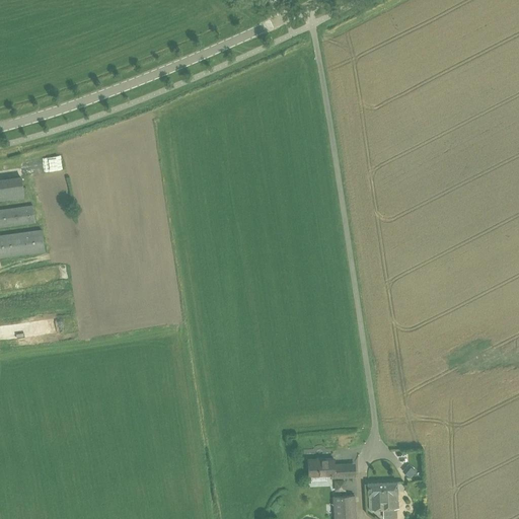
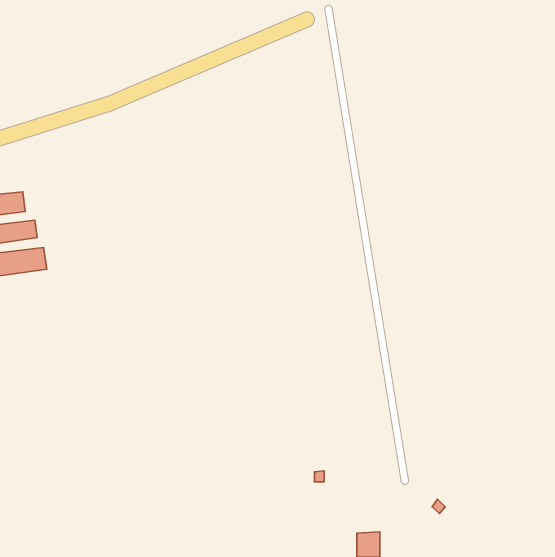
building: [307,458,356,477] -> none
building: [367,481,397,510] -> none

